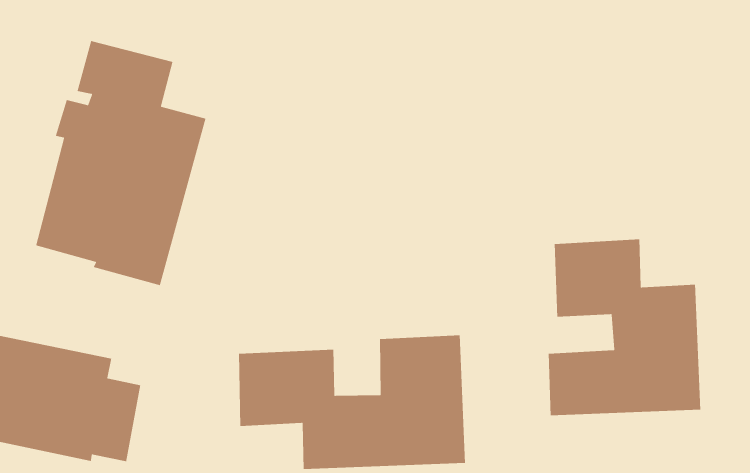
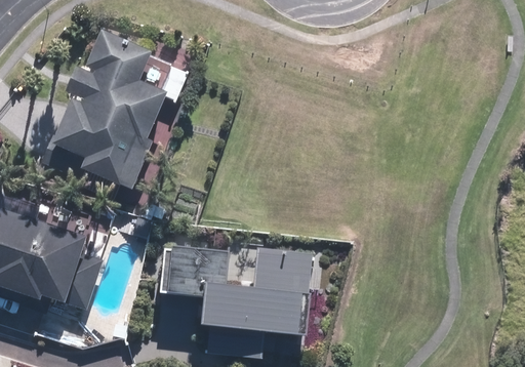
building: [548,239,701,416] -> none

